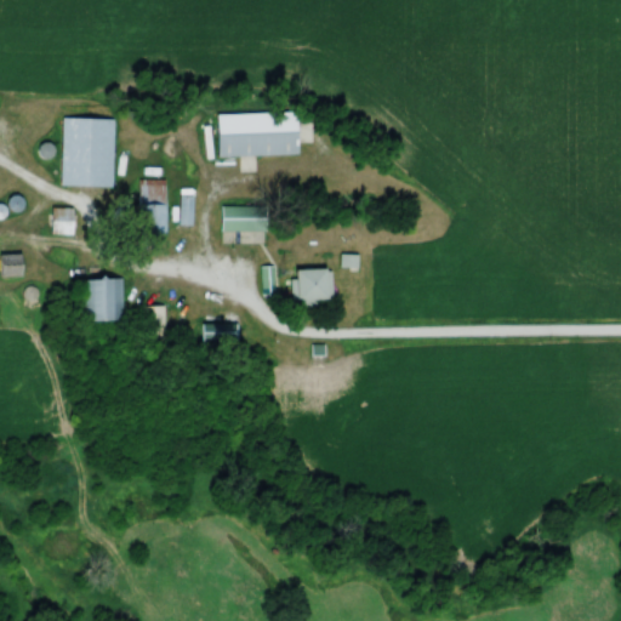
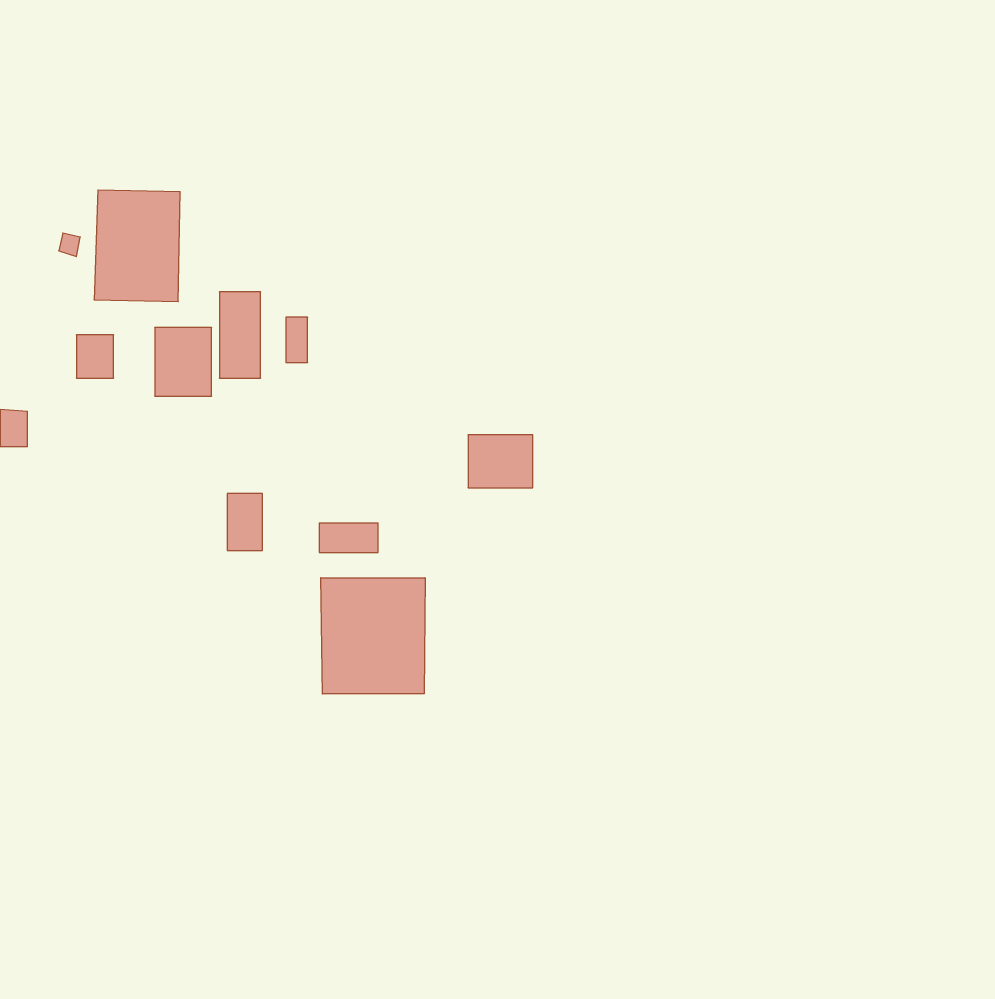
building: [216,113,298,156] -> none
building: [221,206,267,230] -> none
building: [89,278,124,320] -> [155,328,212,396]
building: none -> [321,578,425,694]

